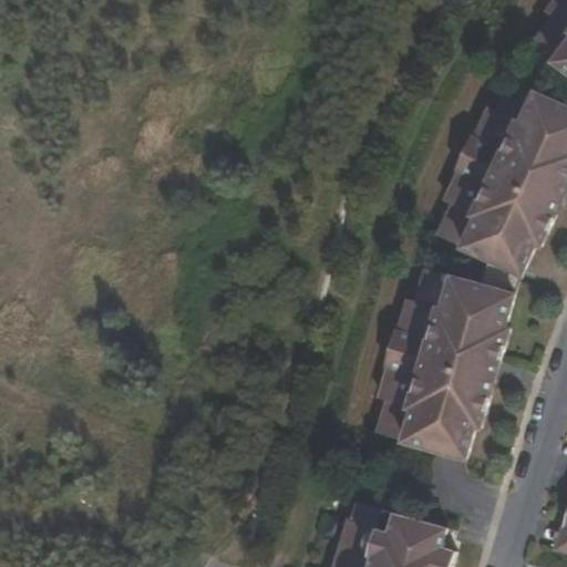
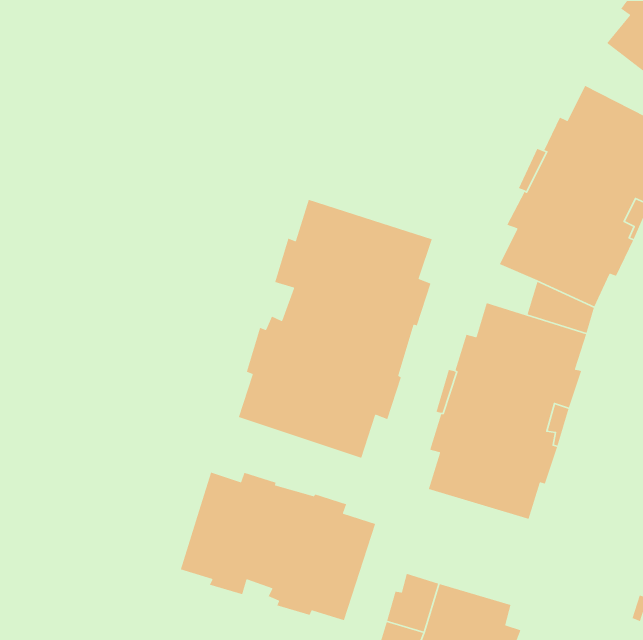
building: none -> [238,199,433,459]
building: none -> [180,472,376,621]

